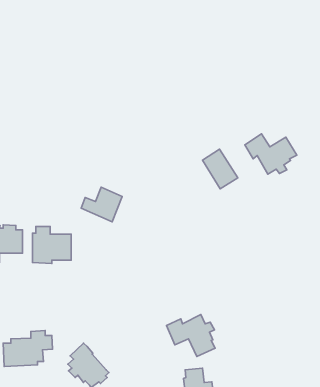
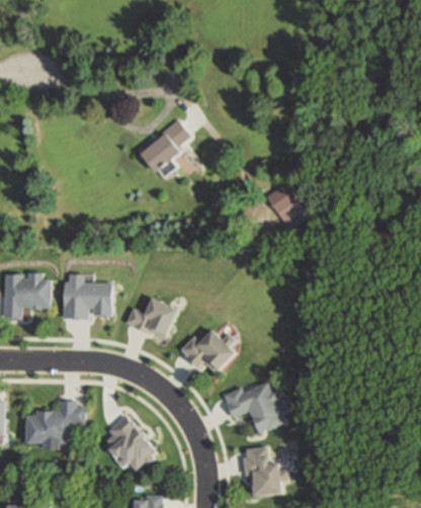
building: none -> [141,120,190,171]
building: [245,134,297,174] -> none
building: [81,187,122,222] -> [127,298,176,339]
building: none -> [181,329,237,372]

